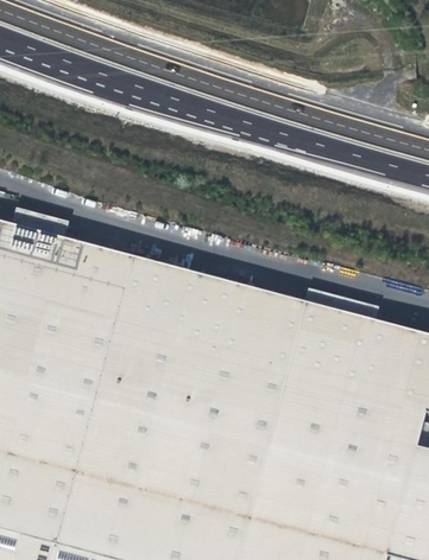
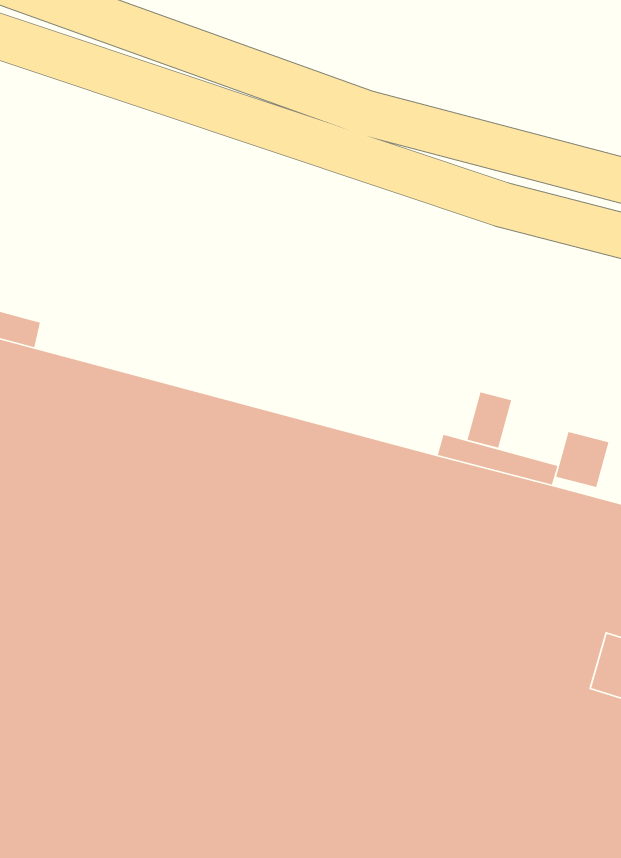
building: none -> [467,392,512,448]
building: none -> [555,431,610,488]

